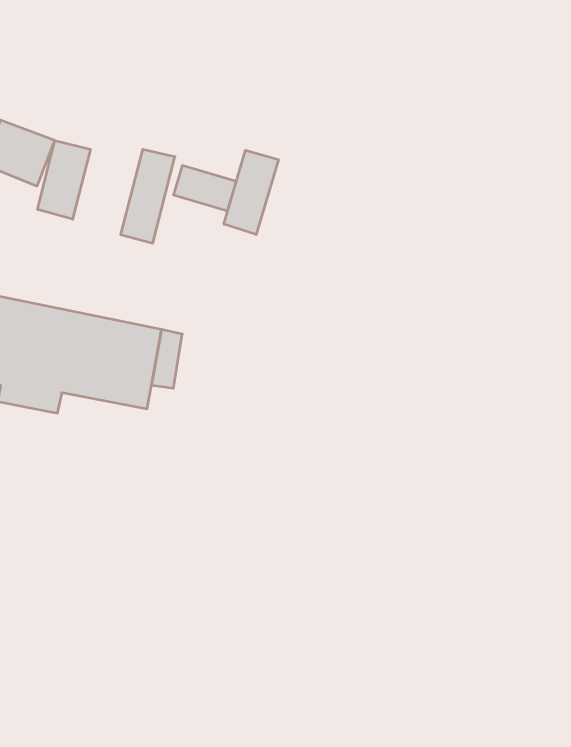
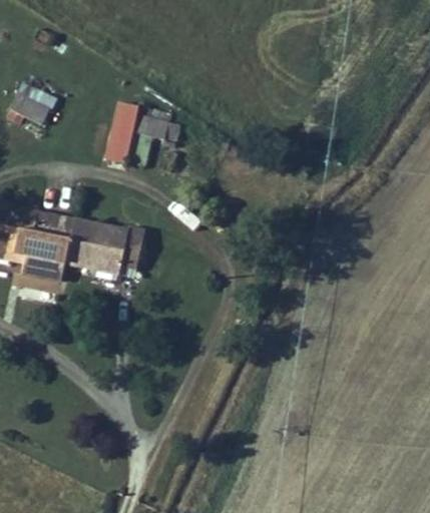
building: [38,141,90,219] -> none
building: [224,150,278,235] -> none

